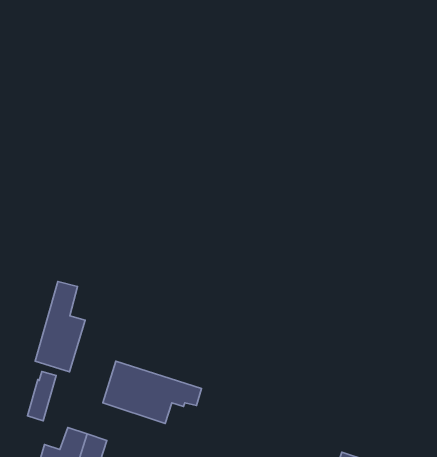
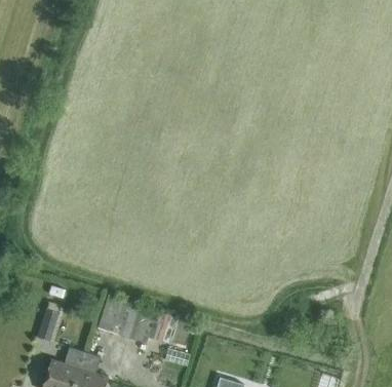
building: [35,281,85,372] -> none

